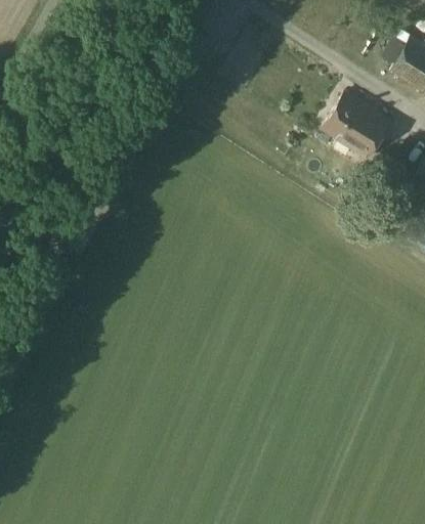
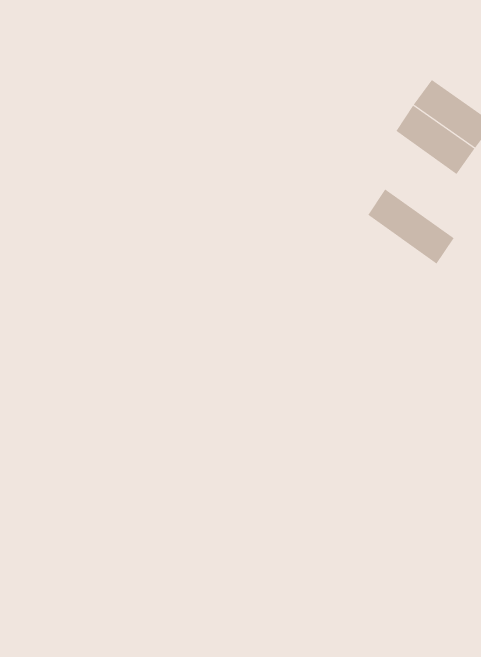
building: none -> [367,189,454,265]

